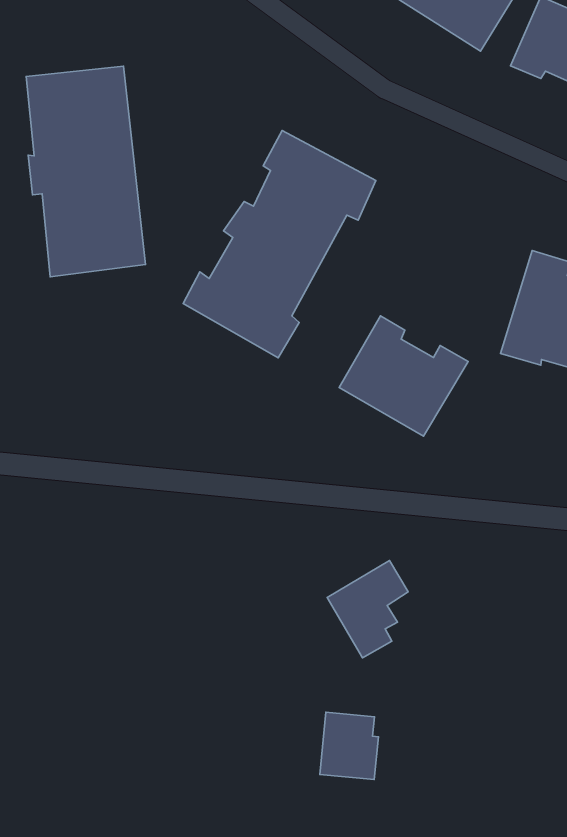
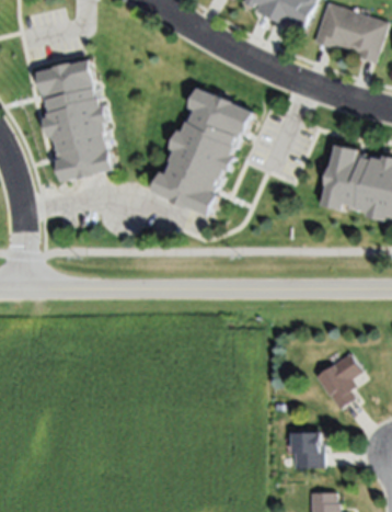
building: [339,316,468,436] -> none
building: [327,560,408,658] -> [318,352,362,408]
building: [320,712,378,780] -> [293,431,324,466]

